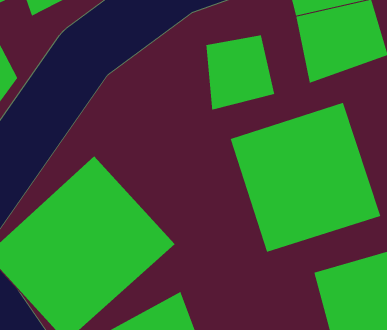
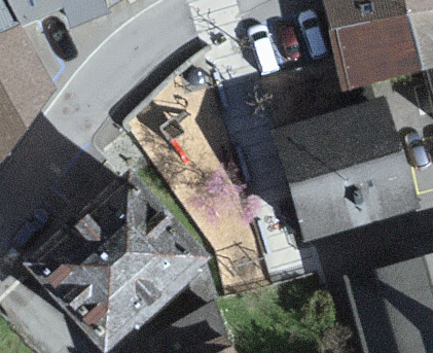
building: [206,34,275,111] -> none

